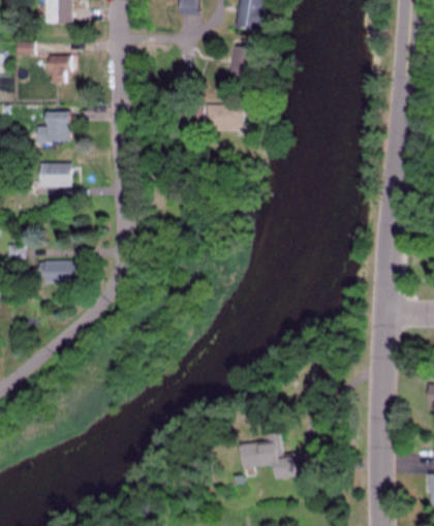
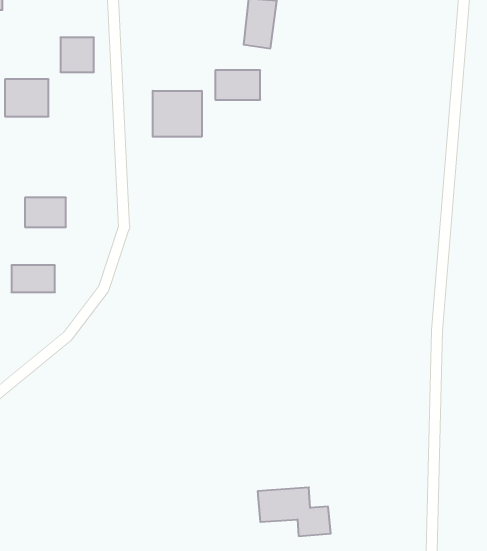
building: [48,56,74,84] -> [60,37,94,72]
building: none -> [153,91,202,137]
building: [39,163,72,187] -> [25,198,66,227]

